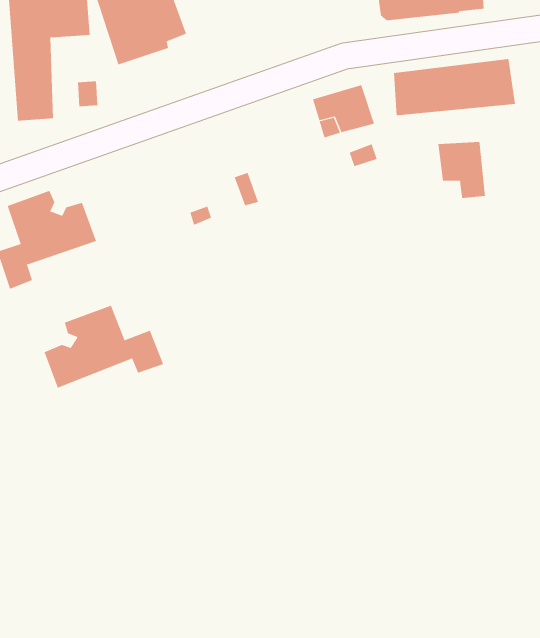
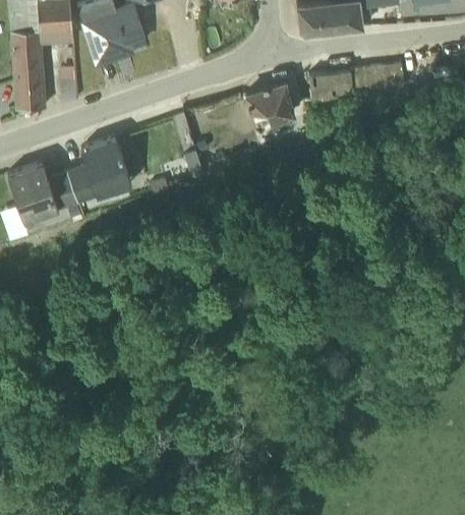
building: [438,141,485,199] -> none
building: none -> [68,137,132,203]
building: [44,305,164,388] -> none

